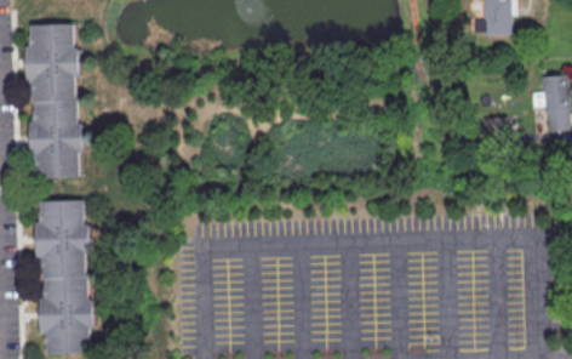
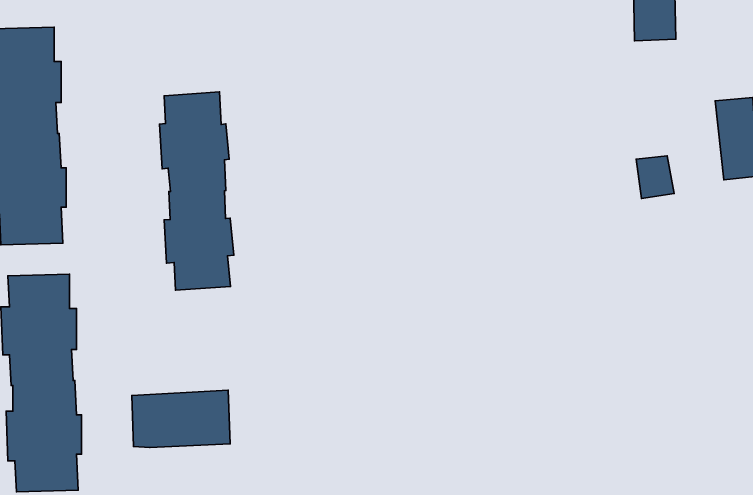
building: none -> [159,92,234,290]
building: none -> [132,390,230,448]

